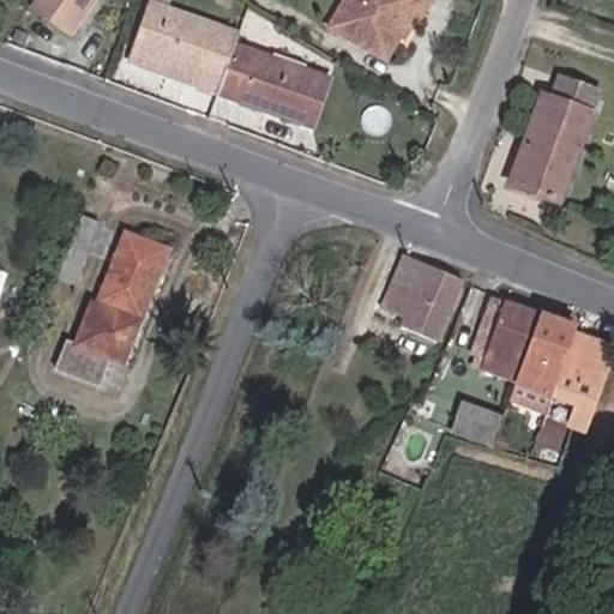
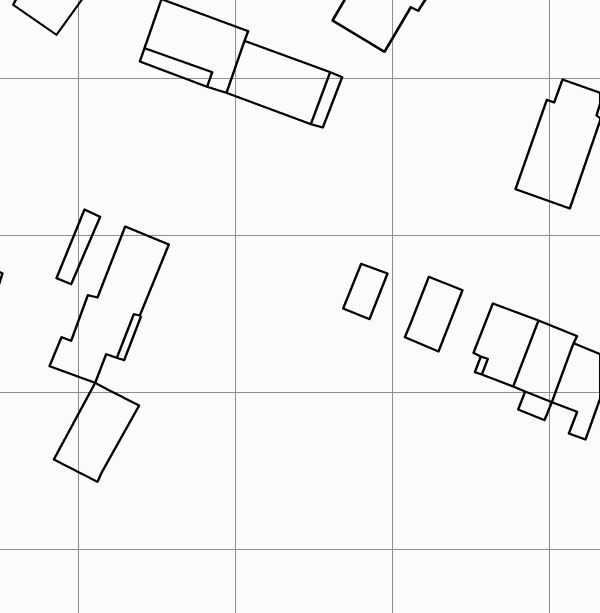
building: [383,266,427,321] -> [343,264,388,319]
building: none -> [54,383,139,482]
building: [446,398,499,441] -> none

